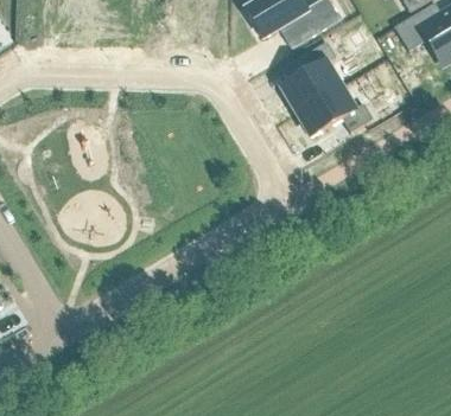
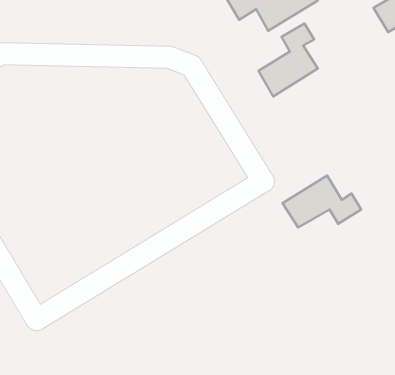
building: [296,84,373,135] -> [282,175,361,228]

